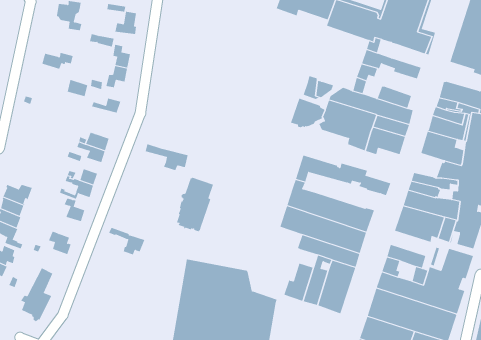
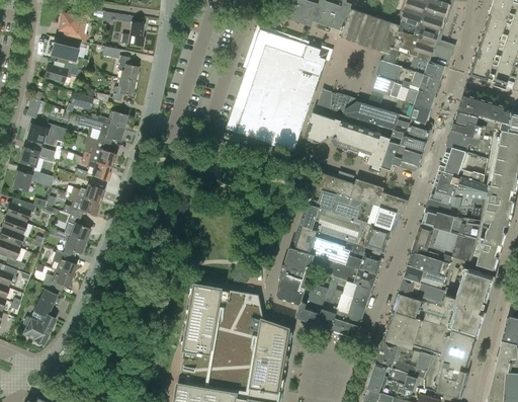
building: none -> [226,28,329,152]
building: none -> [51,38,83,66]
building: none -> [409,56,444,80]
building: none -> [402,86,436,109]
building: none -> [26,123,67,143]
building: none -> [19,147,55,166]
building: [145,144,189,171] -> [78,115,123,144]
building: none -> [432,169,464,195]
building: none -> [12,170,54,191]
building: none -> [317,189,398,229]
building: [176,177,214,232] -> [276,246,316,304]
building: [108,227,145,255] -> [48,228,86,257]
building: none -> [408,250,450,276]
building: none -> [42,269,72,292]

